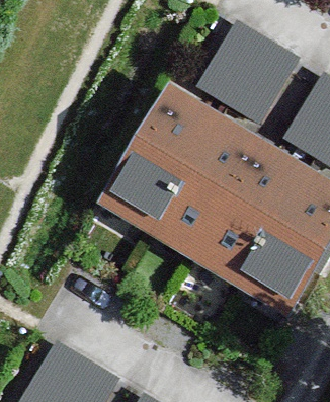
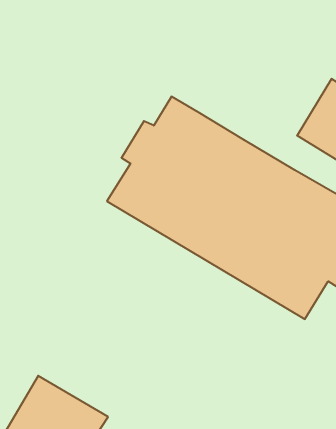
building: [199,24,294,113] -> none

